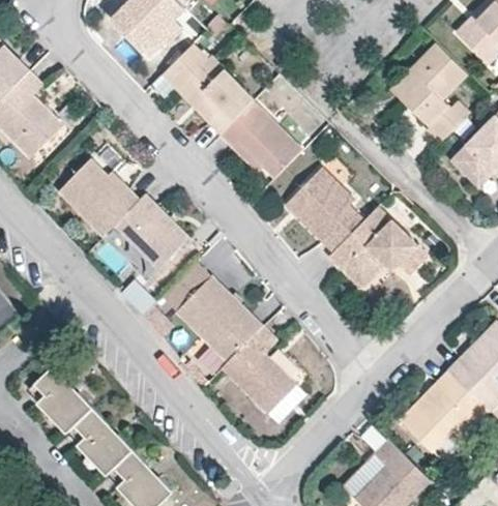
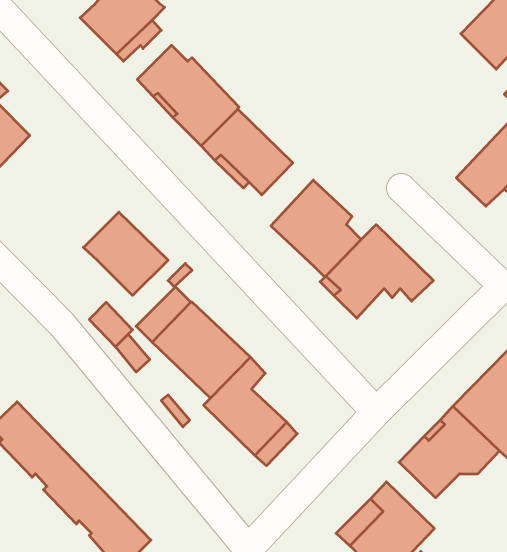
building: [389,42,467,140] -> none
building: [58,157,140,237] -> none

